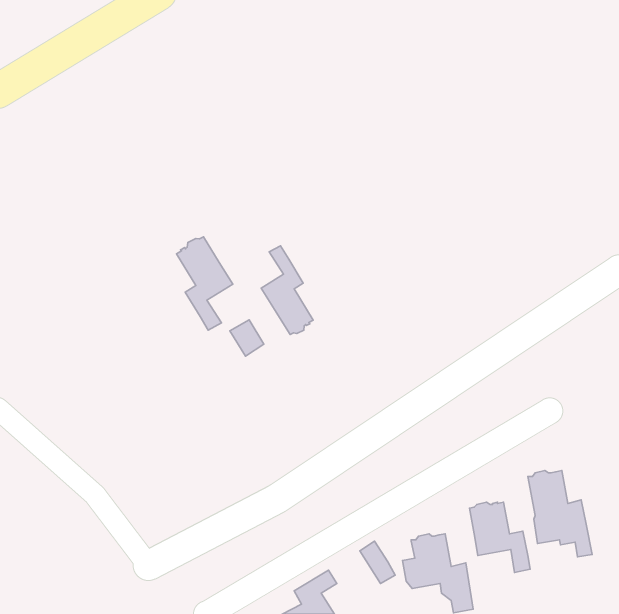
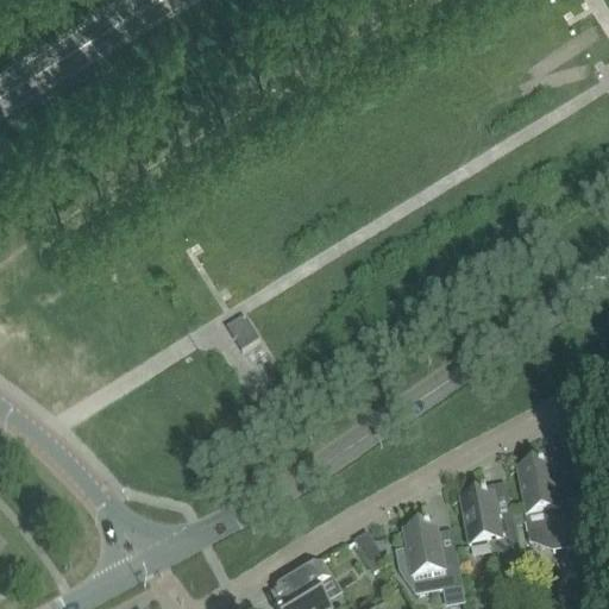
building: [177,237,233,330] -> none
building: [261,246,313,335] -> none

